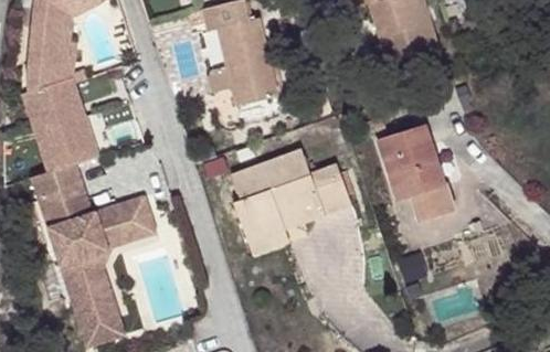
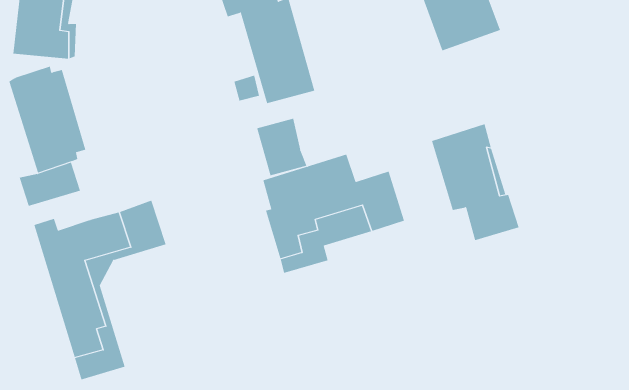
building: [24,66,98,154] -> none
building: none -> [256,118,307,176]
building: [39,181,91,214] -> none

